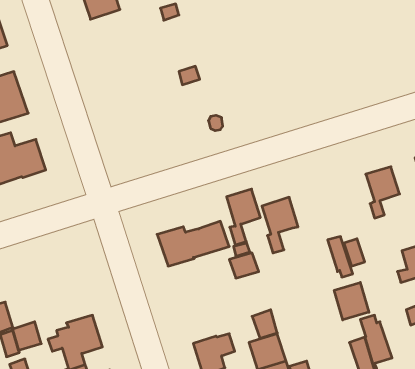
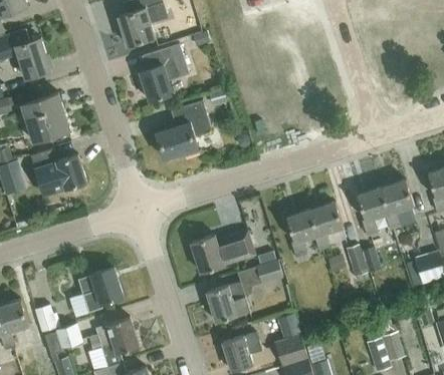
building: none -> [140,44,189,101]
building: none -> [155,100,210,160]
building: none -> [357,188,390,238]
building: [227,189,260,245] -> [311,202,343,253]
building: none -> [79,267,124,315]
building: none -> [206,282,250,322]
building: [334,282,369,320] -> none

